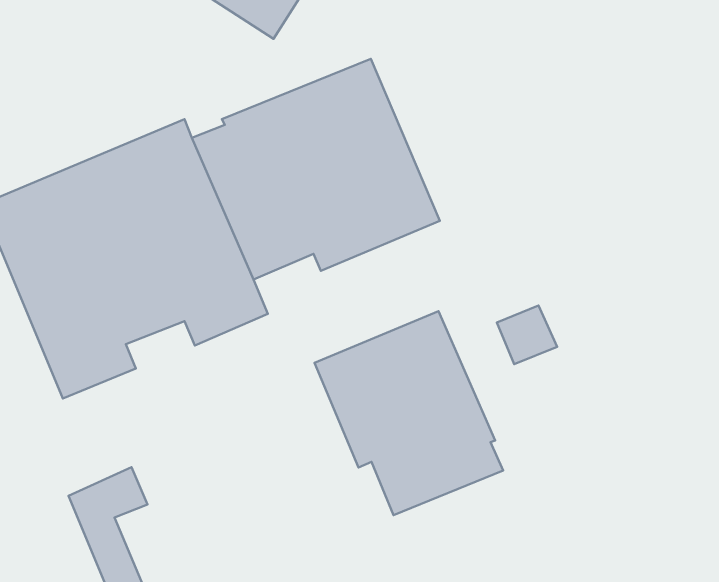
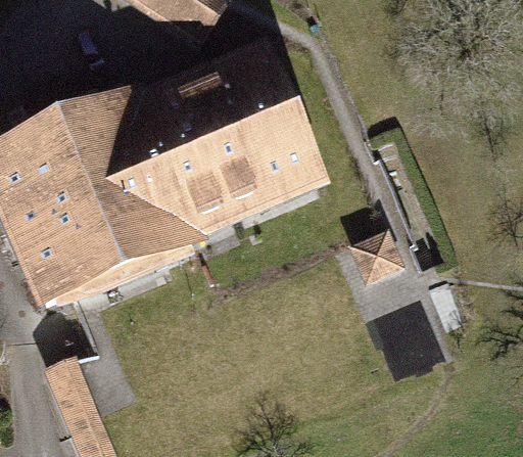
building: [314,311,503,515] -> none

